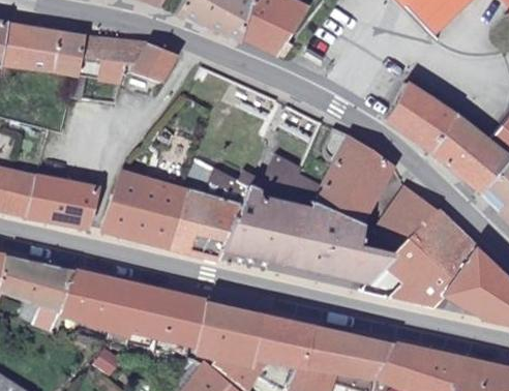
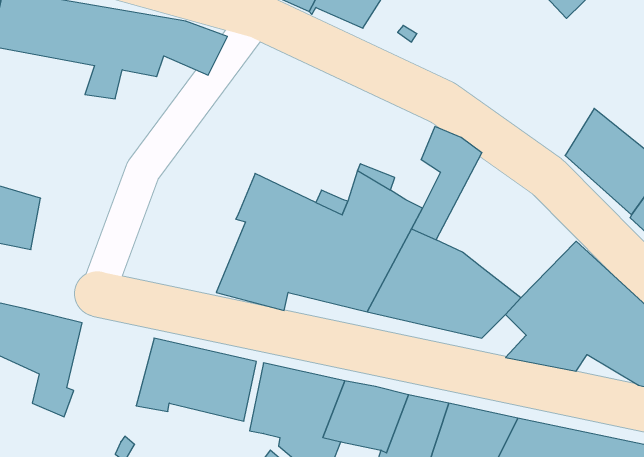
building: [388,82,451,146] -> none
building: [333,144,393,218] -> none
building: [104,175,190,248] -> none
building: [30,178,89,229] -> none
building: [367,188,438,252] -> none
building: [57,271,122,333] -> none

